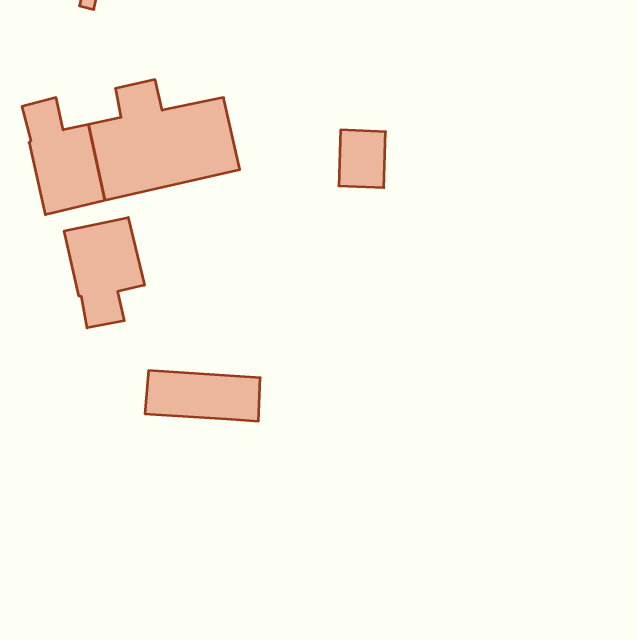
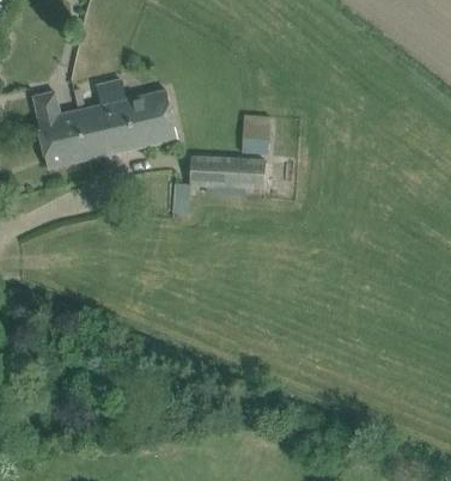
building: [64,217,144,328] -> none
building: [145,371,260,421] -> [188,156,264,189]

